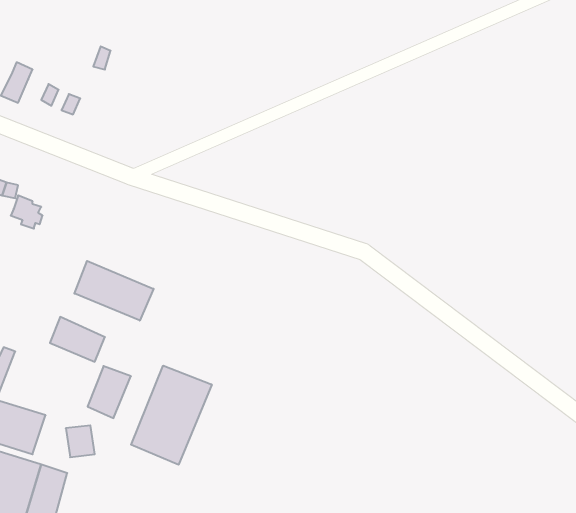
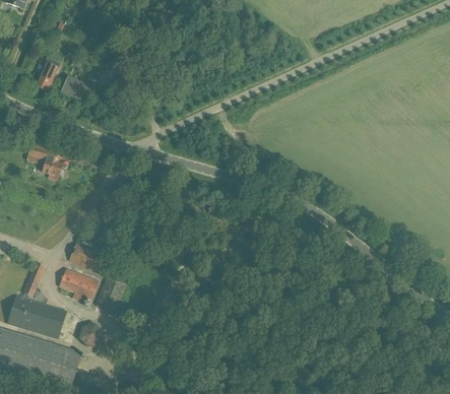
building: [74,261,154,321] -> none
building: none -> [59,268,99,301]
building: [131,366,212,465] -> none

